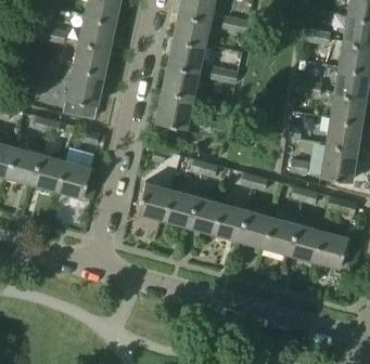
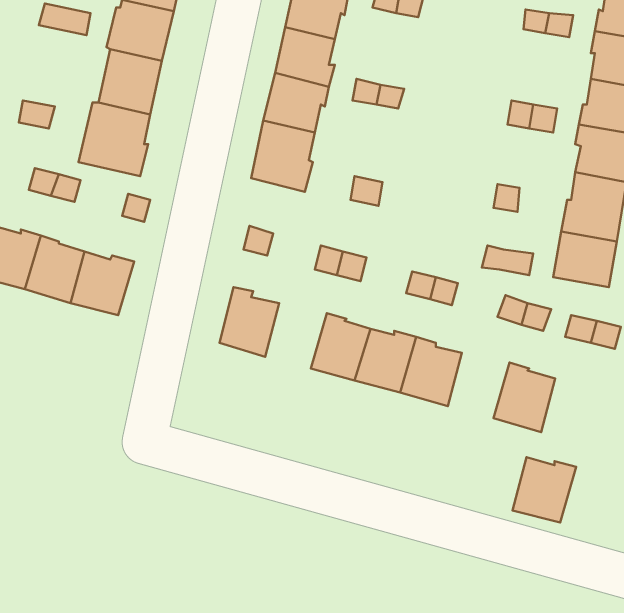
building: [164,190,197,225] -> none
building: [264,217,297,252] -> none
building: [315,231,349,266] -> [513,457,576,523]

